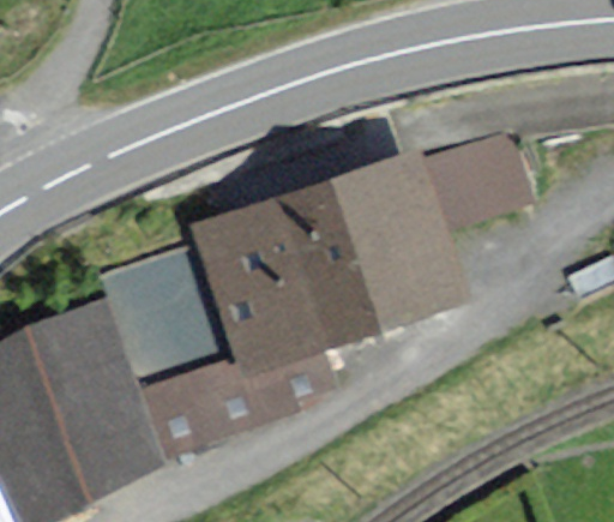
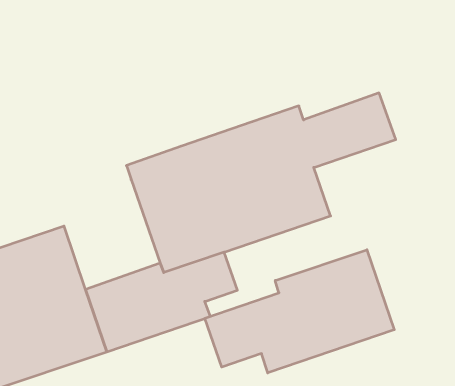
building: [80,253,213,395] -> none
building: none -> [205,250,394,373]

